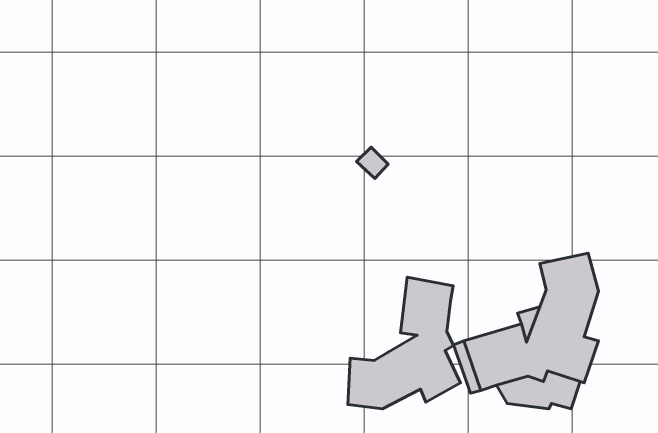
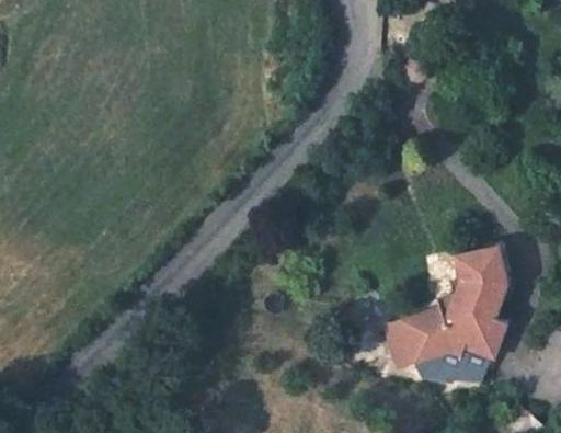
building: [348,277,460,409] -> none

